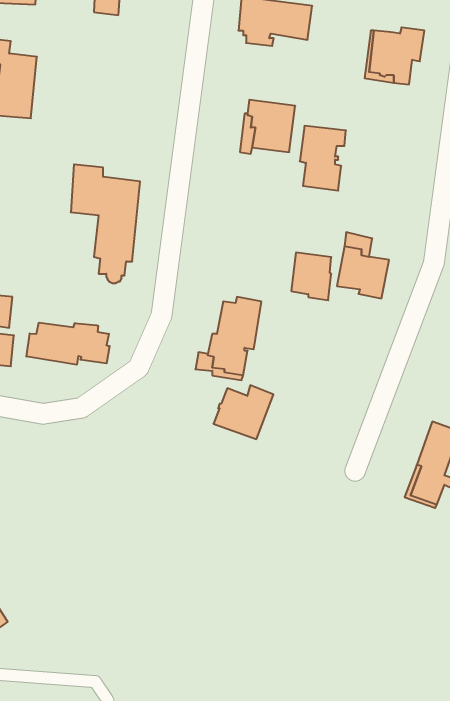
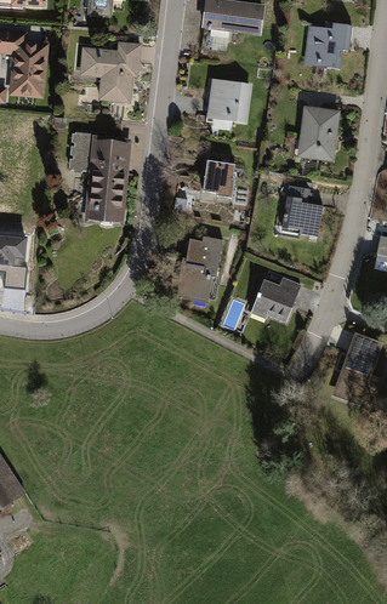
building: none -> [81,42,140,101]
building: [300,126,346,191] -> [301,108,337,159]
building: [291,253,331,300] -> [203,160,234,198]
building: [26,323,110,365] -> none
building: [213,385,273,439] -> [252,278,300,320]

